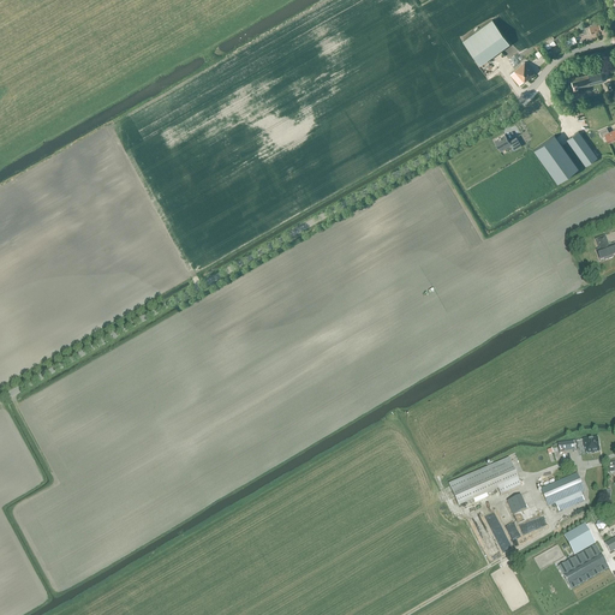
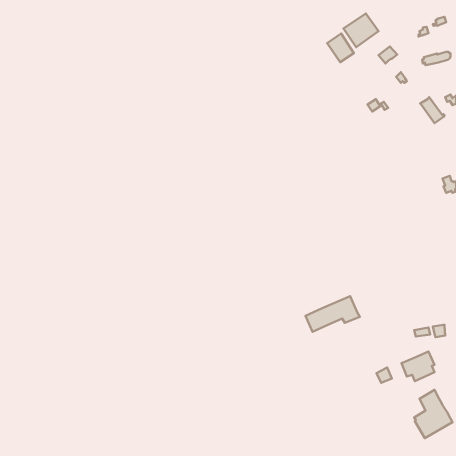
building: none -> [327,33,354,62]
building: [533,135,578,183] -> none
building: [448,459,521,507] -> [305,296,360,332]

